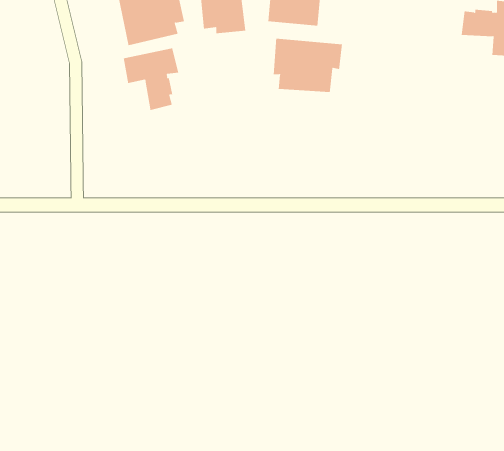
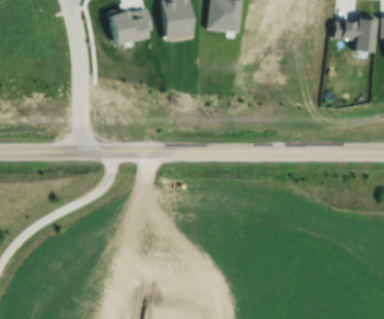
building: [273,38,342,93] -> none
building: [123,47,179,111] -> none

